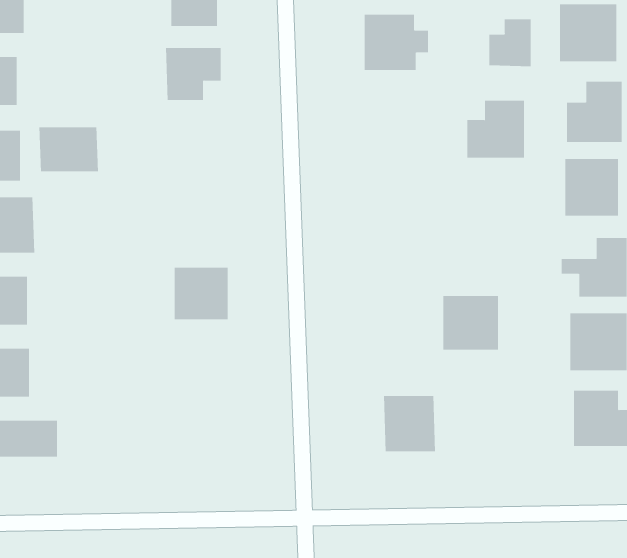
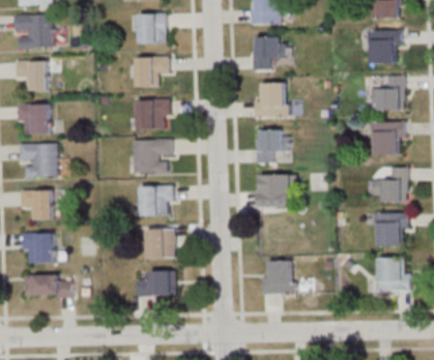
building: [489,18,531,67] -> none
building: [467,100,525,158] -> [254,83,288,117]
building: none -> [137,99,169,129]
building: [39,126,98,172] -> none
building: none -> [255,129,288,163]
building: none -> [132,140,171,173]
building: [442,296,499,350] -> [257,175,290,207]
building: none -> [146,229,174,259]
building: none -> [137,271,175,296]

